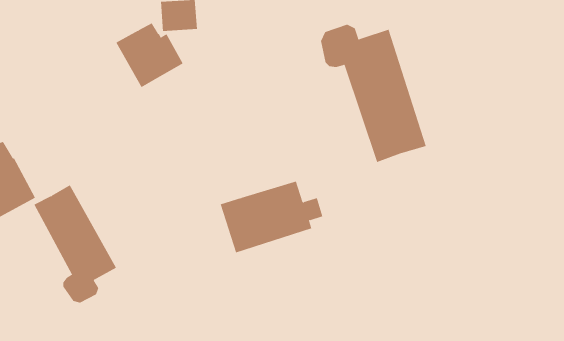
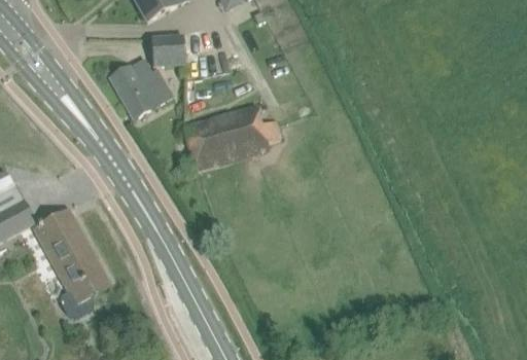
building: [320,24,426,163] -> none
building: [220,181,323,253] -> [182,103,278,170]

